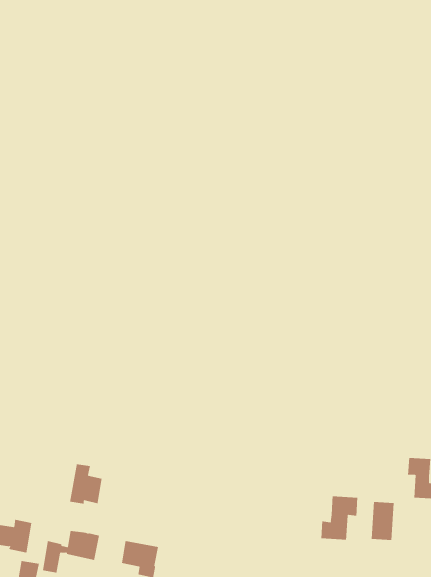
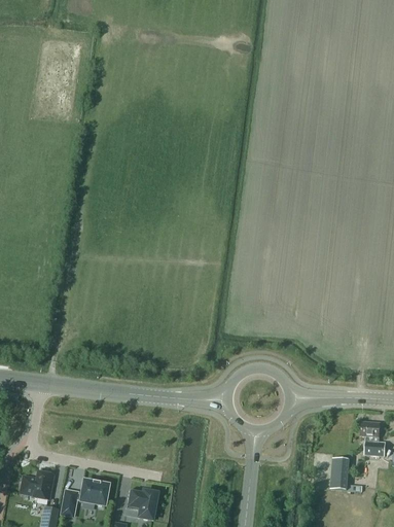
building: [70,464,102,504] -> none
building: [321,495,358,540] -> none

